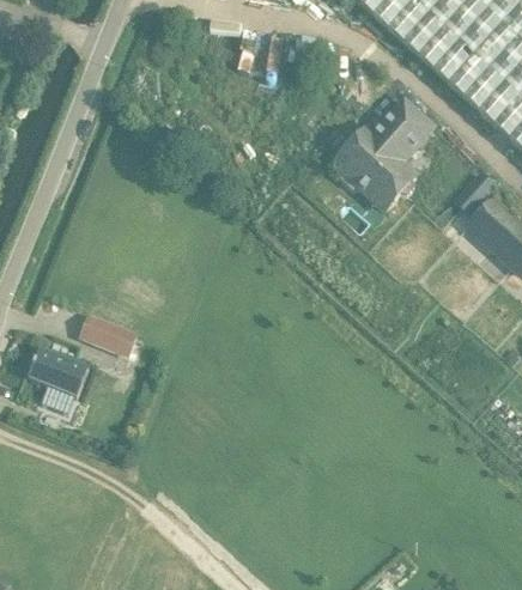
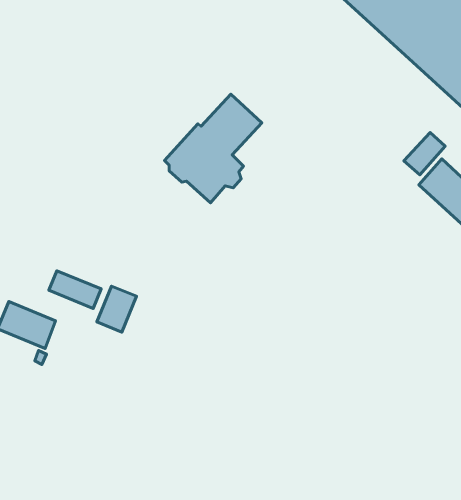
building: [334,95,436,208] -> [165,94,262,203]
building: none -> [97,286,137,332]

